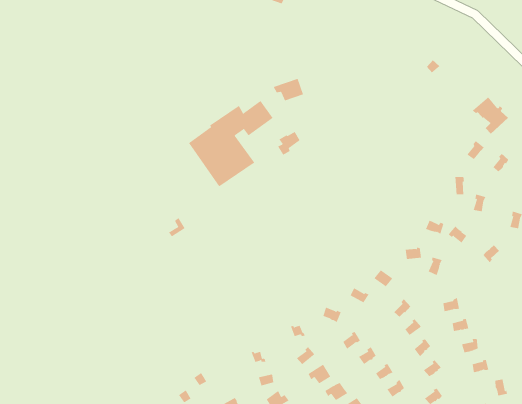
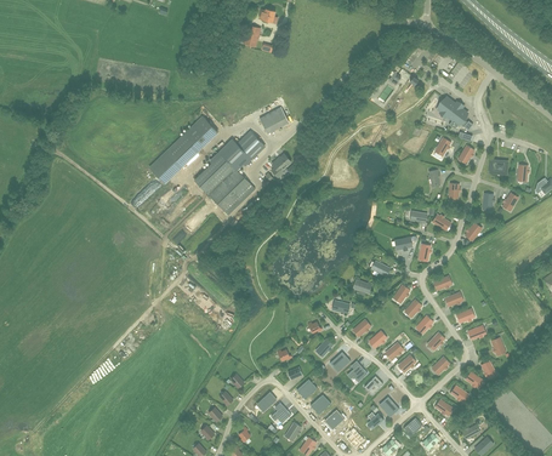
building: none -> [149,116,217,179]

